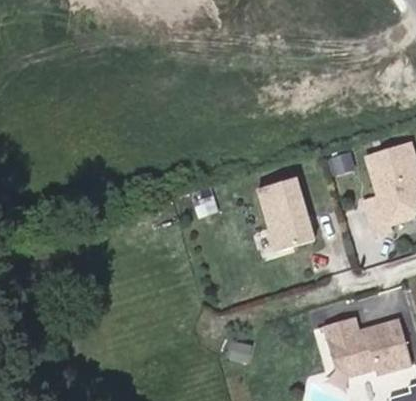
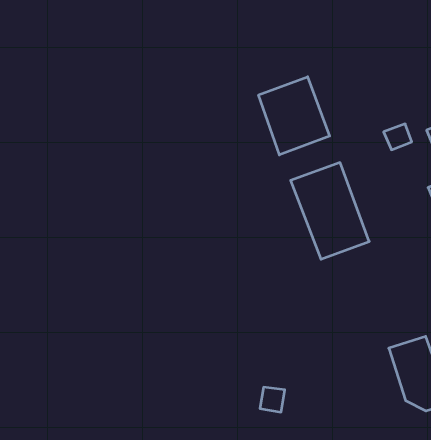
building: none -> [259,77,330,155]

